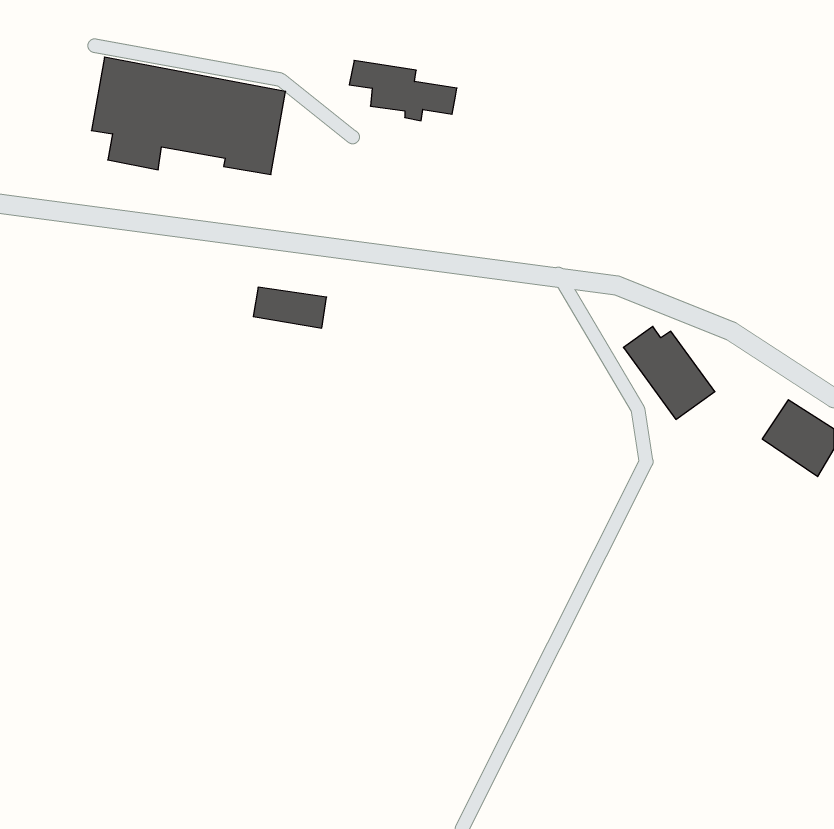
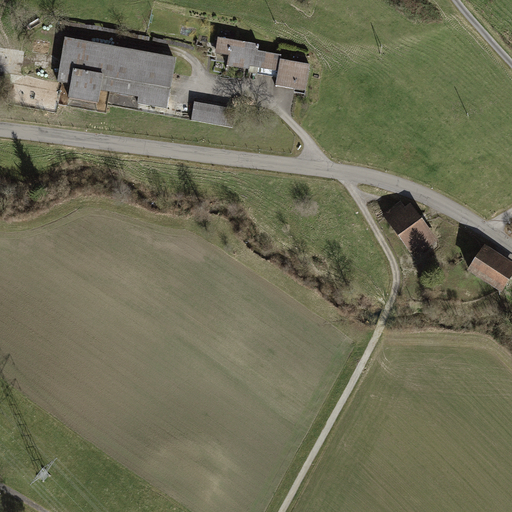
building: none -> [275,59,310,90]
building: [253,287,327,328] -> [191,101,236,126]

